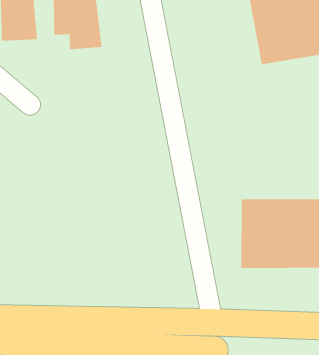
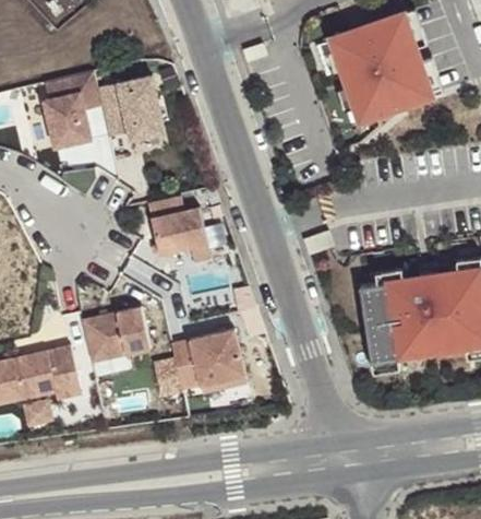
building: none -> [151,204,212,257]
building: none -> [81,300,149,357]
building: none -> [171,329,249,392]

